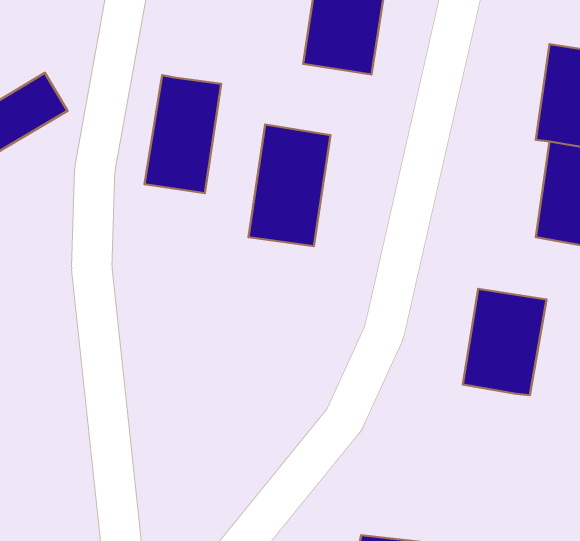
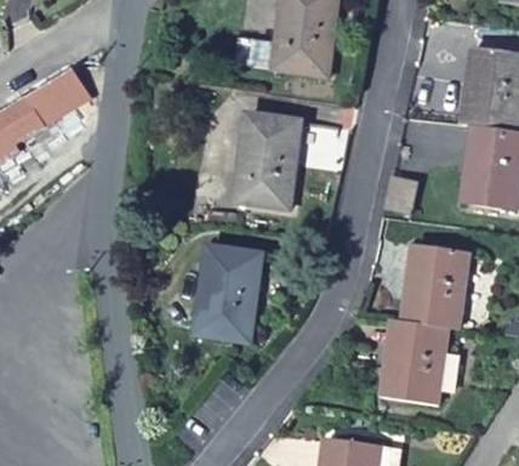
building: [145,75,221,193] -> none
building: none -> [193,249,261,342]
building: none -> [381,317,455,404]

